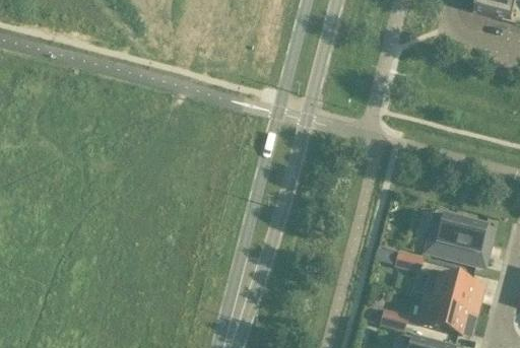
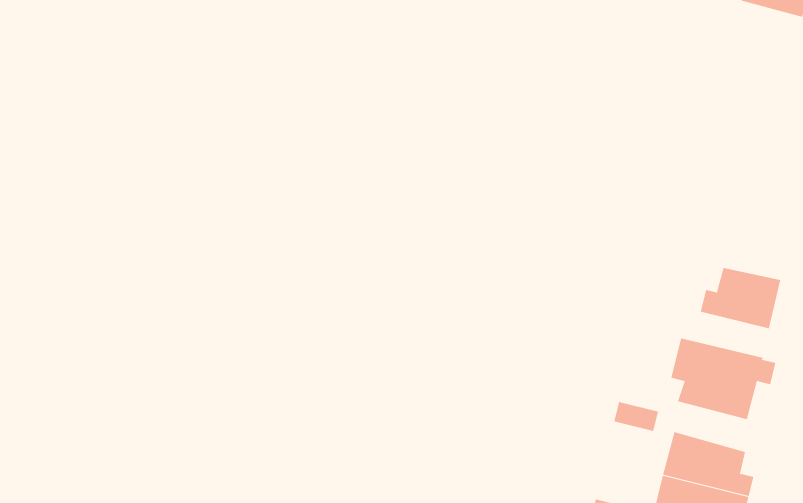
building: none -> [700,267,781,329]

